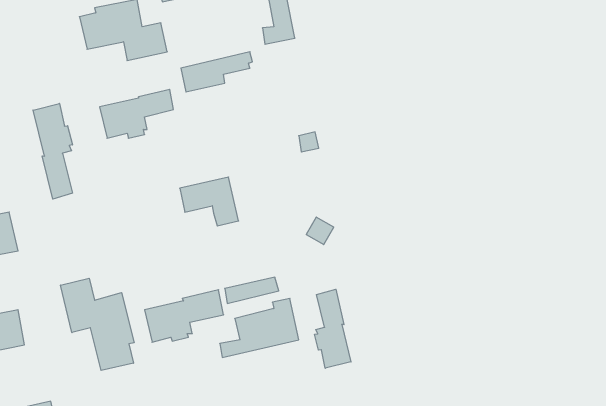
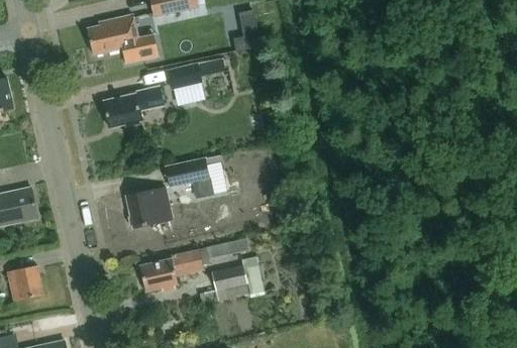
building: [33,103,73,199] -> none
building: none -> [127,189,174,229]
building: [61,278,134,370] -> none
building: [315,289,351,368] -> none

